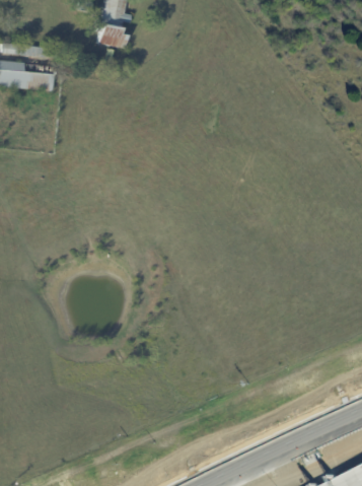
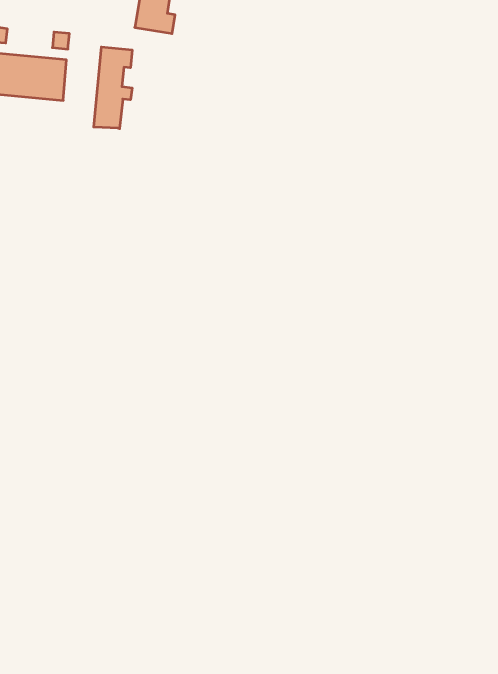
building: none -> [94,47,132,129]

